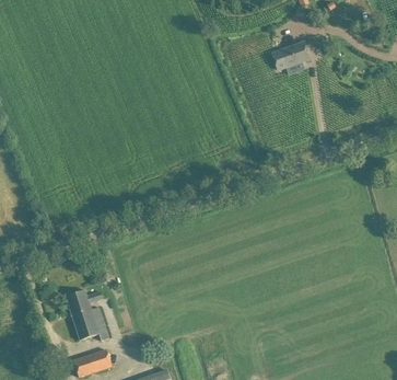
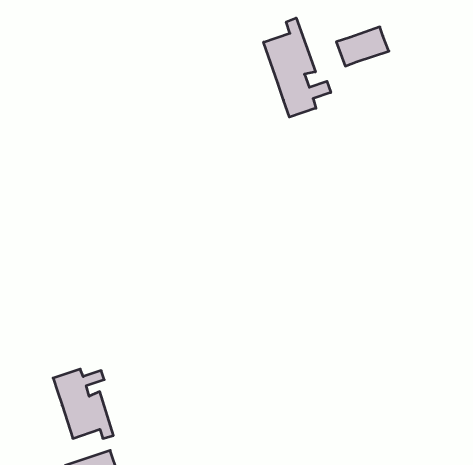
building: none -> [264,18,331,117]

